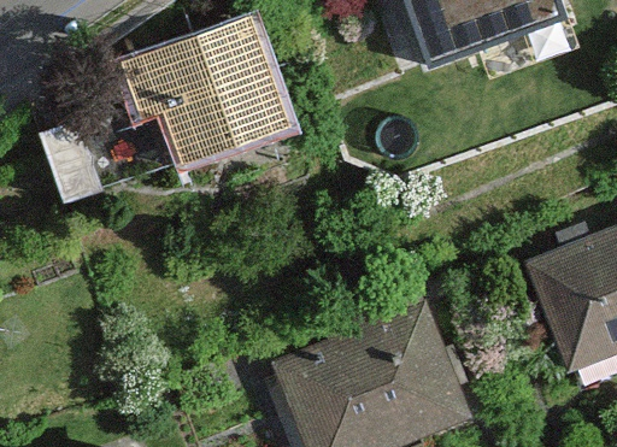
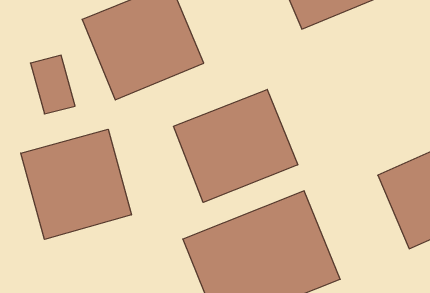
building: none -> [173,89,298,202]
building: none -> [21,129,131,239]

